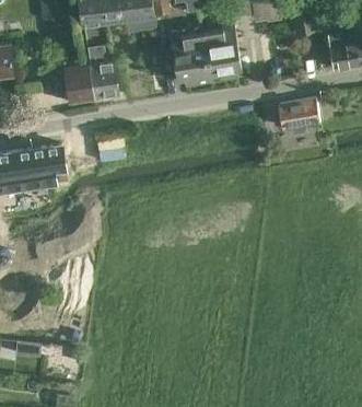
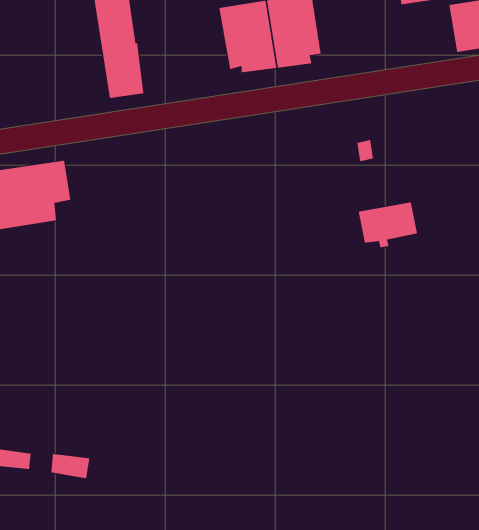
building: [63,66,93,105] -> none
building: [278,100,319,131] -> [358,202,418,248]

